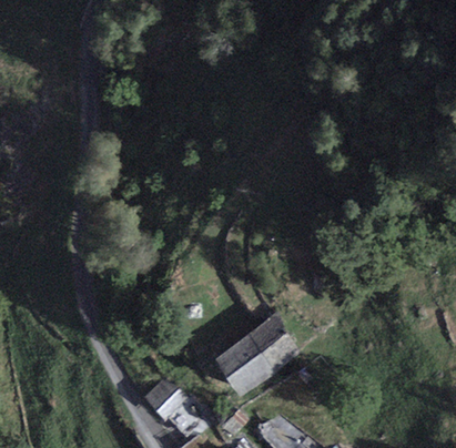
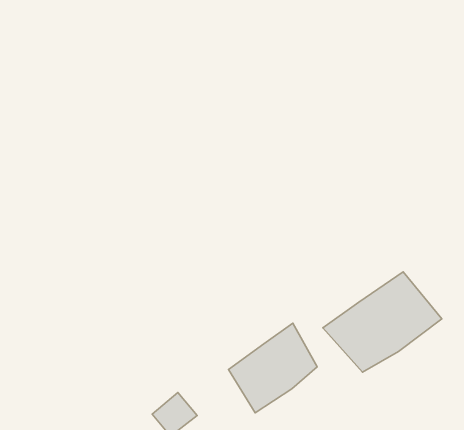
building: none -> [323,272,442,372]

